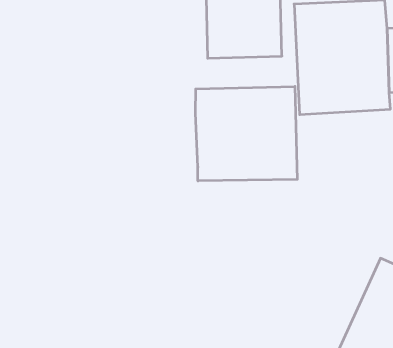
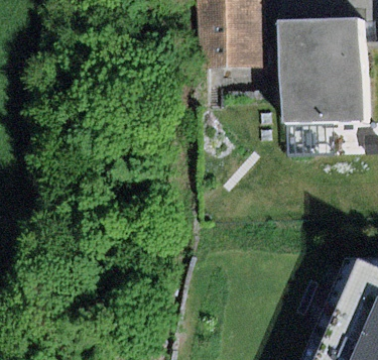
building: [195,86,297,181] -> none

